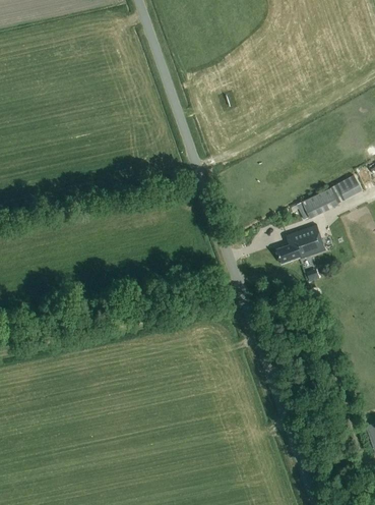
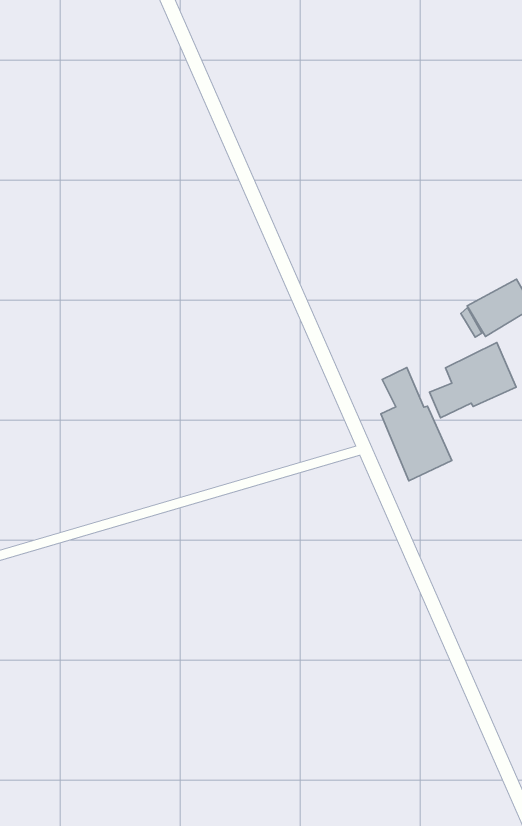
building: none -> [381,367,452,481]

